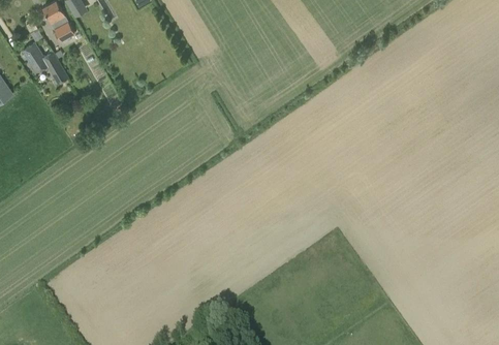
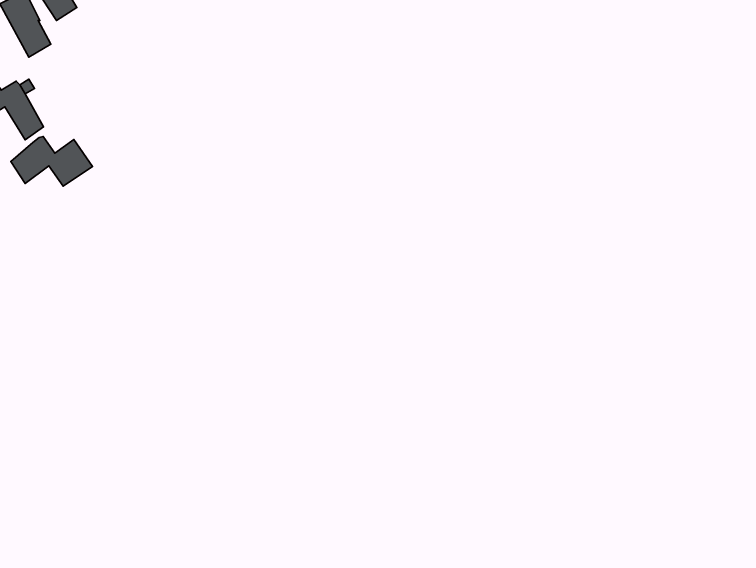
building: none -> [11,136,93,186]

